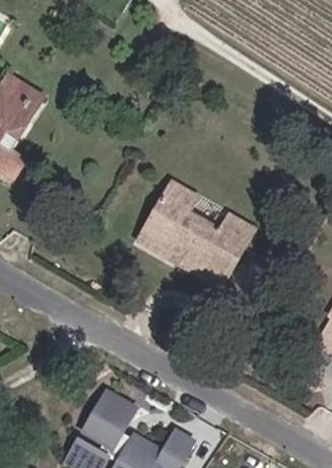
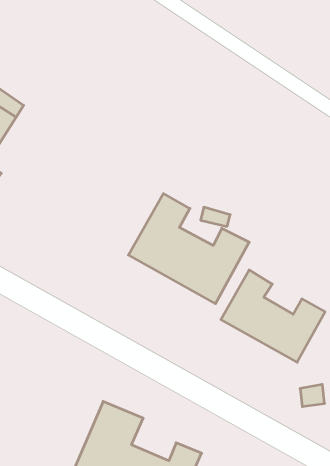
building: none -> [221,270,325,362]

